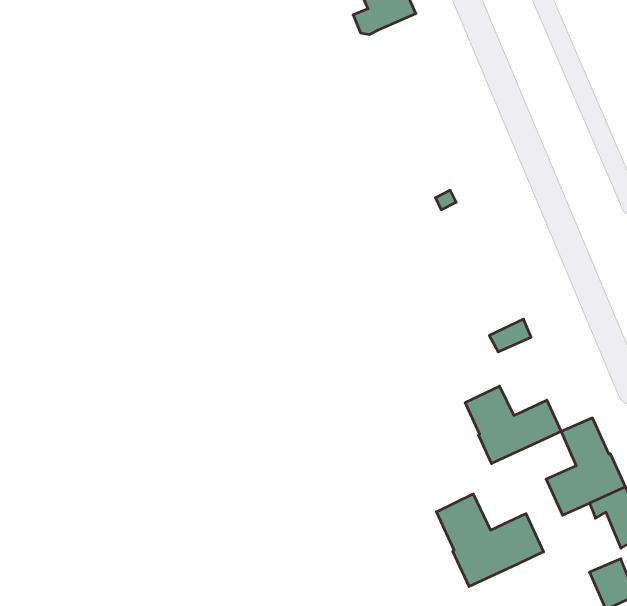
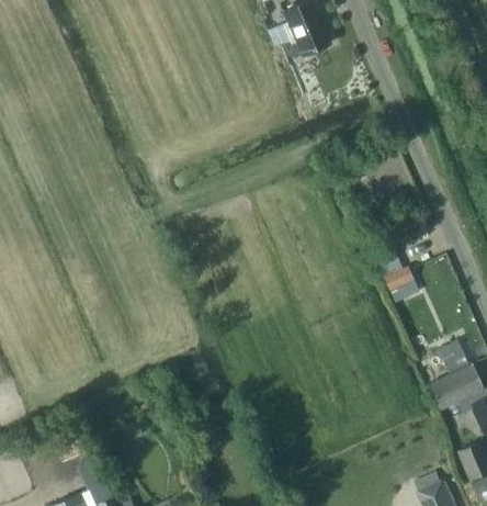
building: [465,386,561,464] -> none
building: [436,494,544,587] -> none

